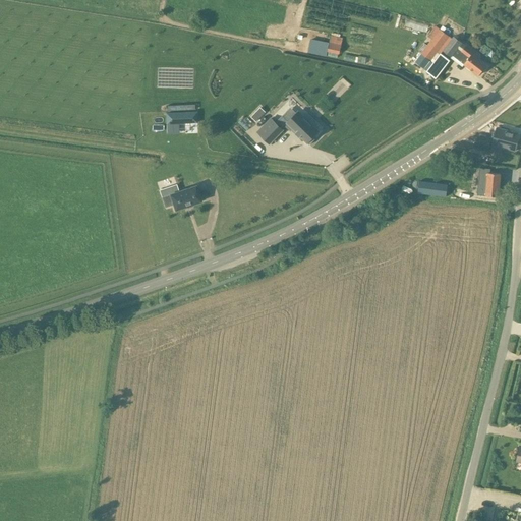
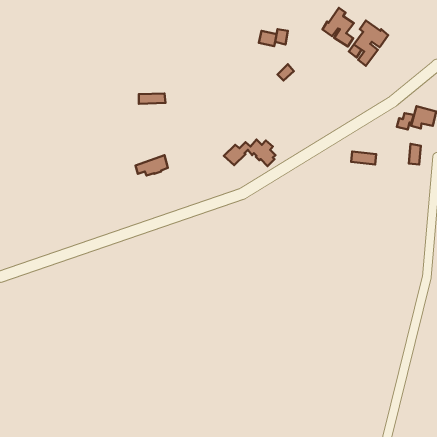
building: none -> [323,8,354,46]
building: [452,42,485,74] -> none
building: [256,112,317,143] -> [224,140,275,166]

